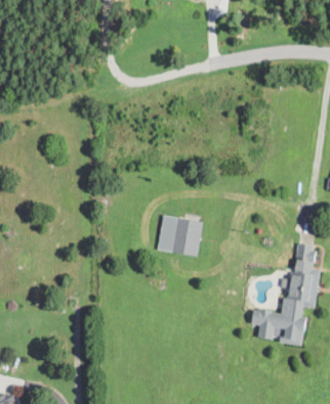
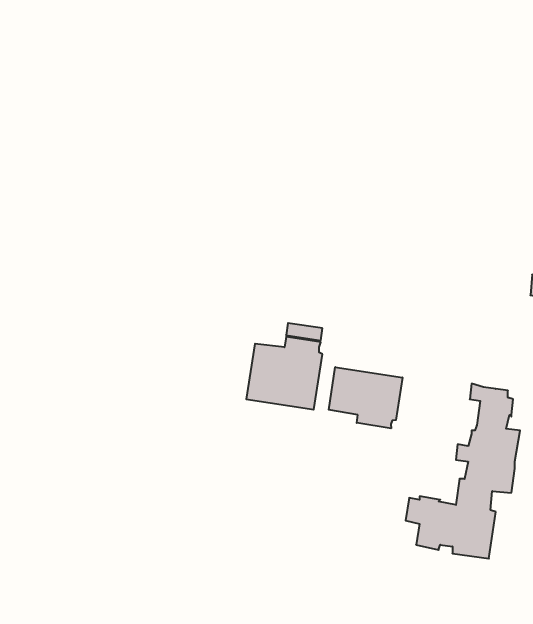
building: none -> [329,367,402,428]

